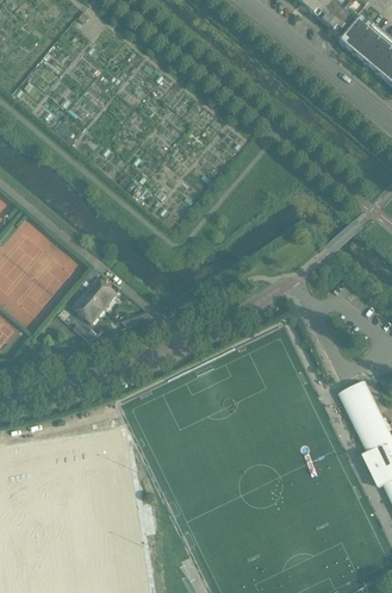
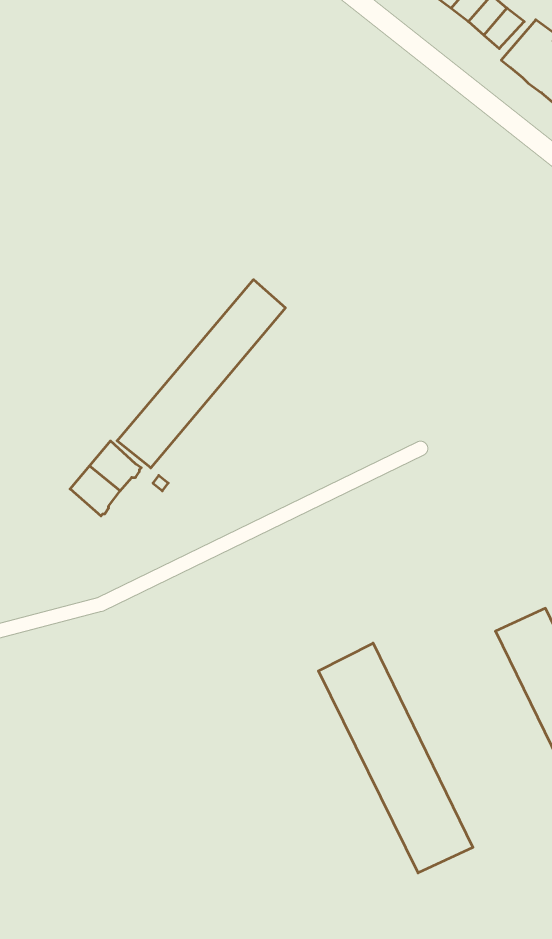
building: none -> [117,280,285,468]
building: none -> [318,643,473,873]

